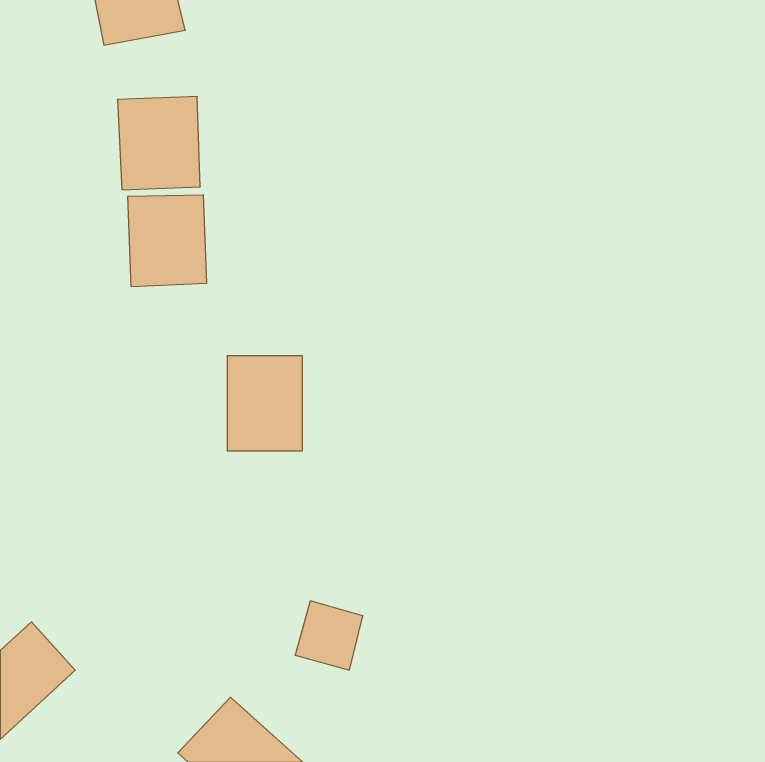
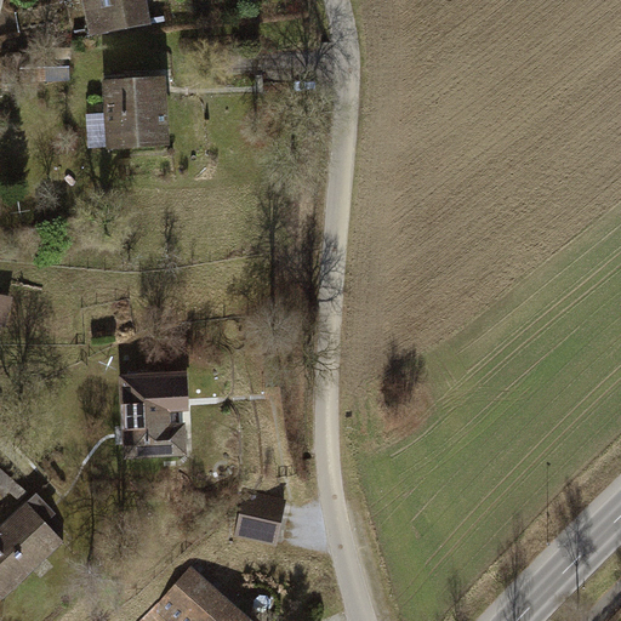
building: [128,195,206,287] -> none
building: [227,356,302,451] -> [119,374,180,450]

